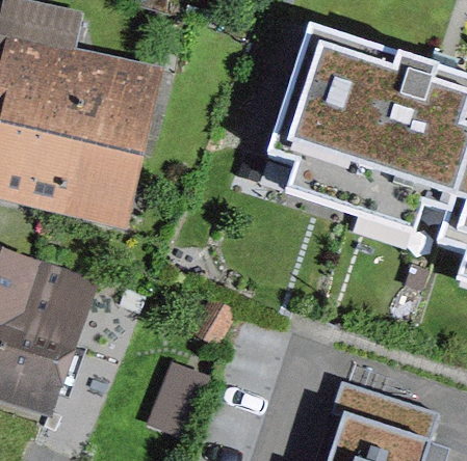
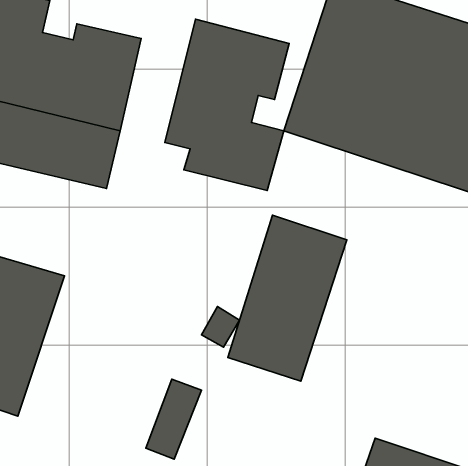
building: none -> [165,19,289,190]
building: none -> [228,215,347,381]

